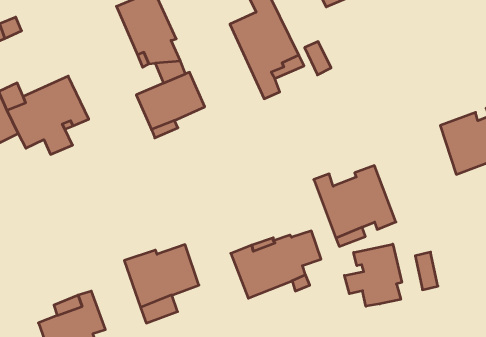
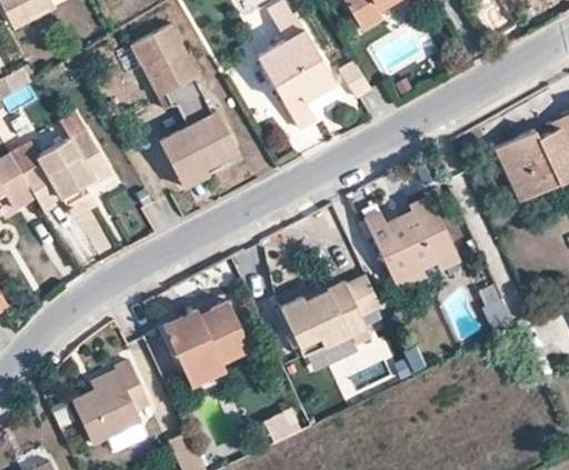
building: [344,244,402,306] -> none

